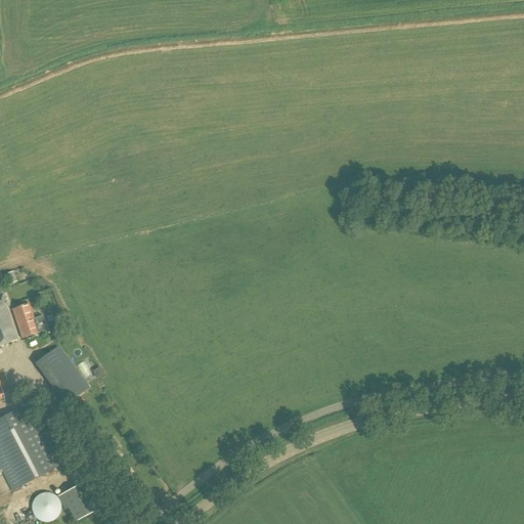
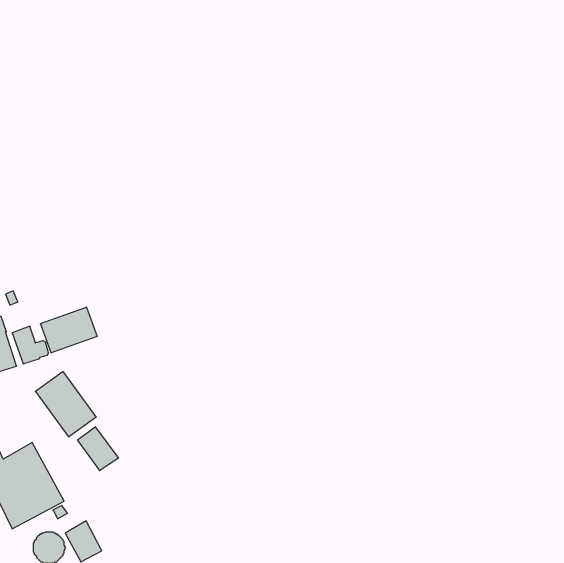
building: none -> [40,307,97,353]
building: none -> [78,427,118,471]

